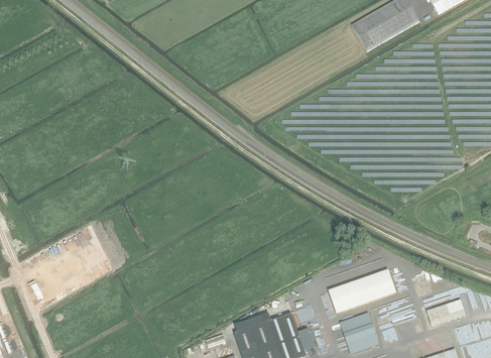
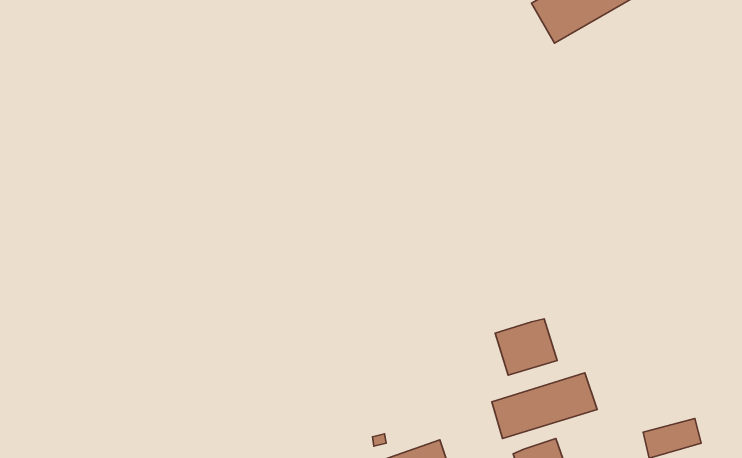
building: none -> [495,319,557,375]

